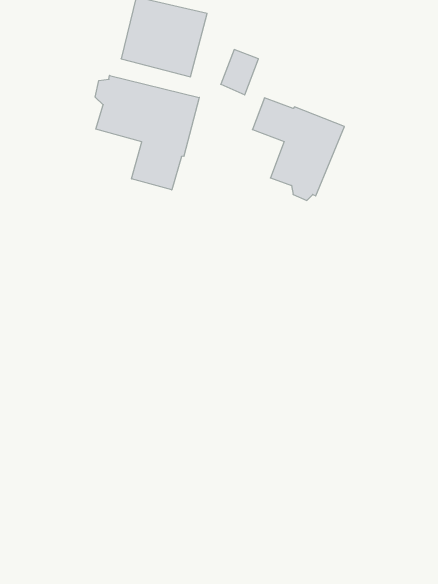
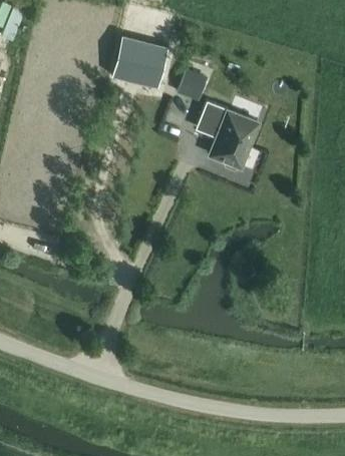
building: [95,75,199,190] -> none

